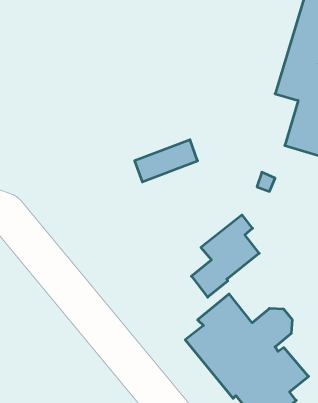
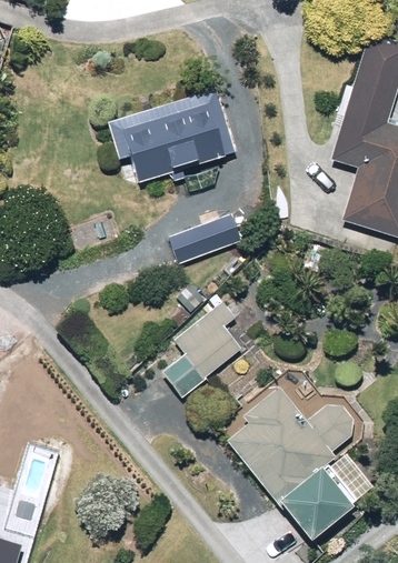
building: none -> [107,90,236,183]
building: [191,215,259,297] -> [162,302,241,398]

